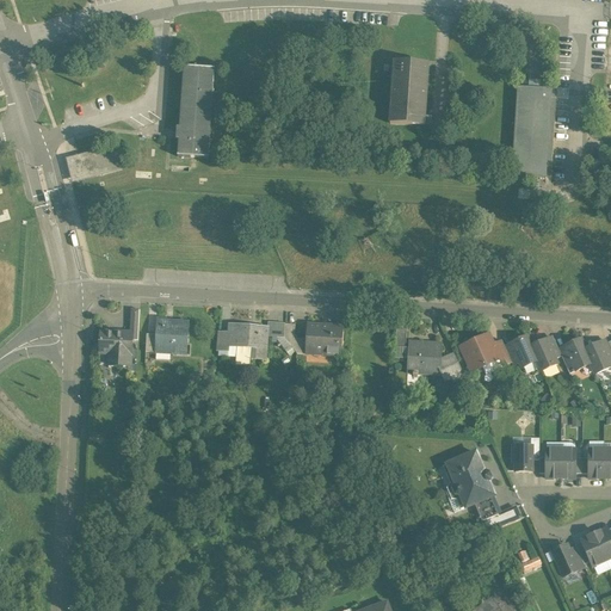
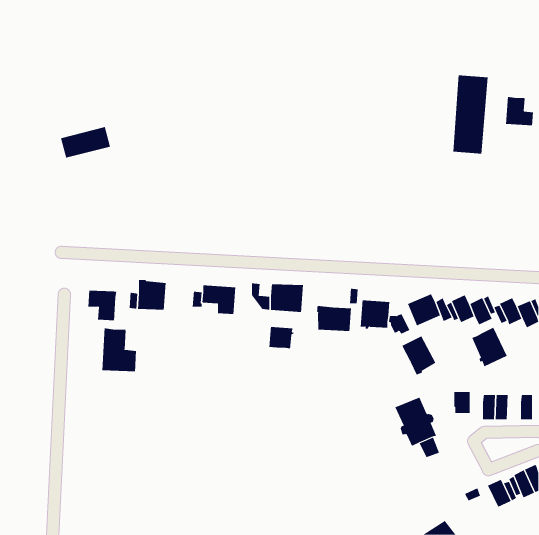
building: [389,57,430,122] -> none
building: [179,64,214,154] -> none
building: none -> [506,96,534,126]
building: none -> [316,305,352,332]
building: none -> [269,326,294,349]
building: none -> [471,327,507,367]
building: none -> [102,328,137,372]
building: none -> [402,336,436,375]

